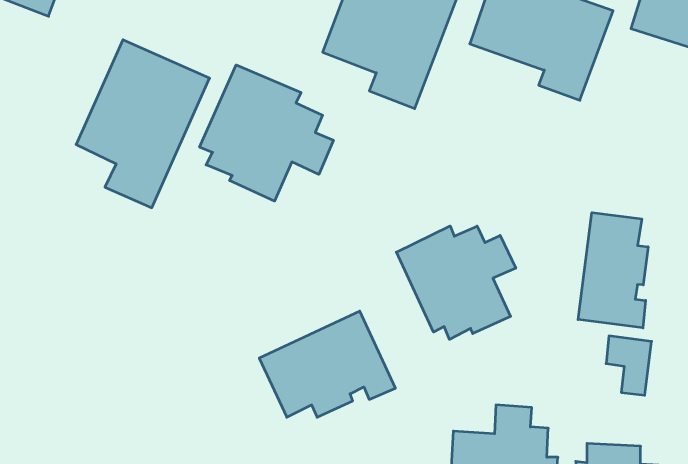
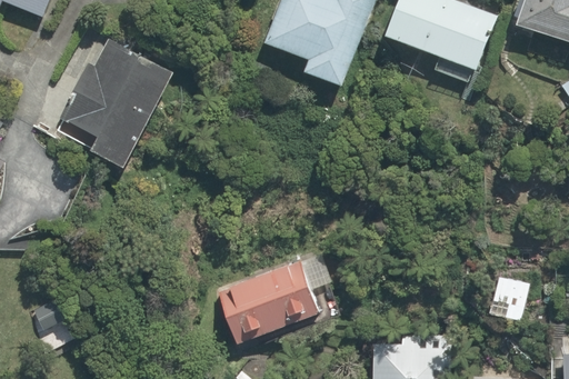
building: [200,65,333,201] -> none
building: [578,213,648,328] -> none
building: [396,226,516,339] -> none

